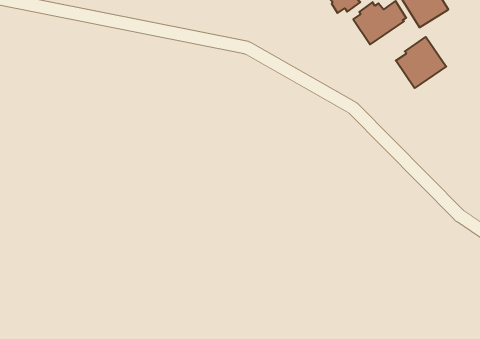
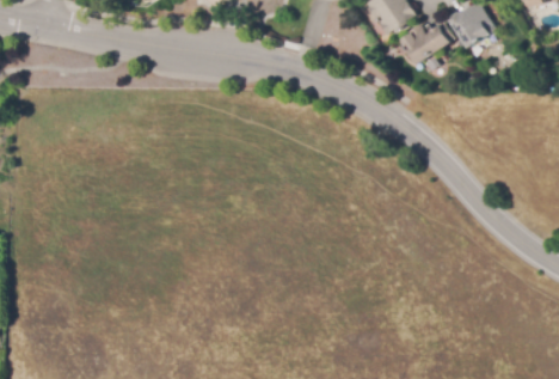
building: [396,37,446,88] -> none

